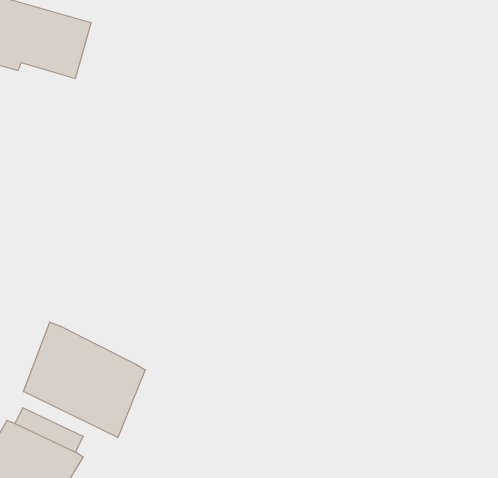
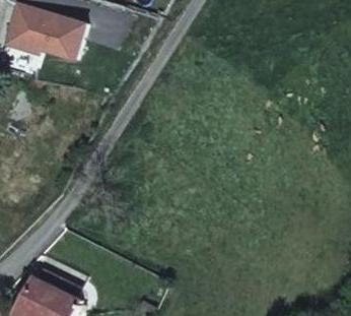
building: [23,322,145,438] -> none

